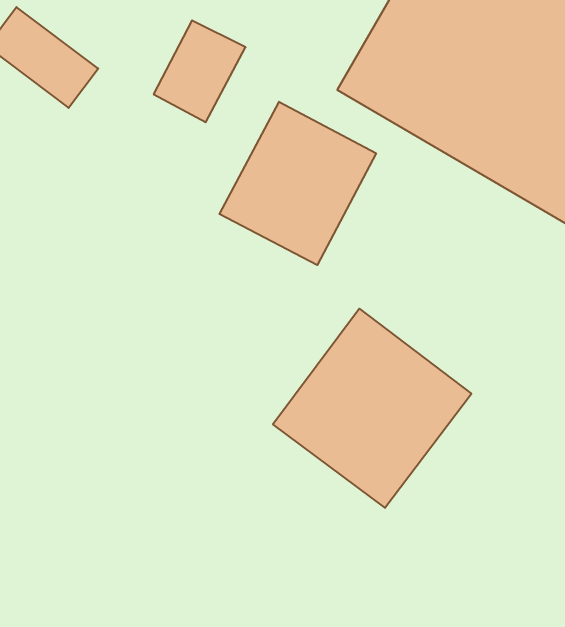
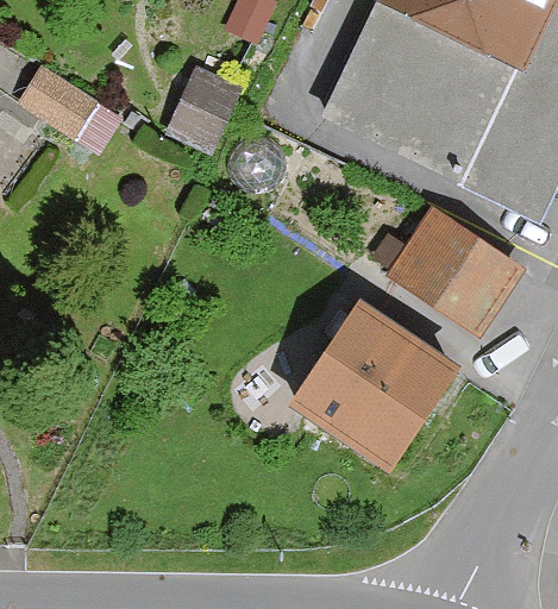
building: [219,102,376,265] -> none
building: none -> [389,211,522,334]

